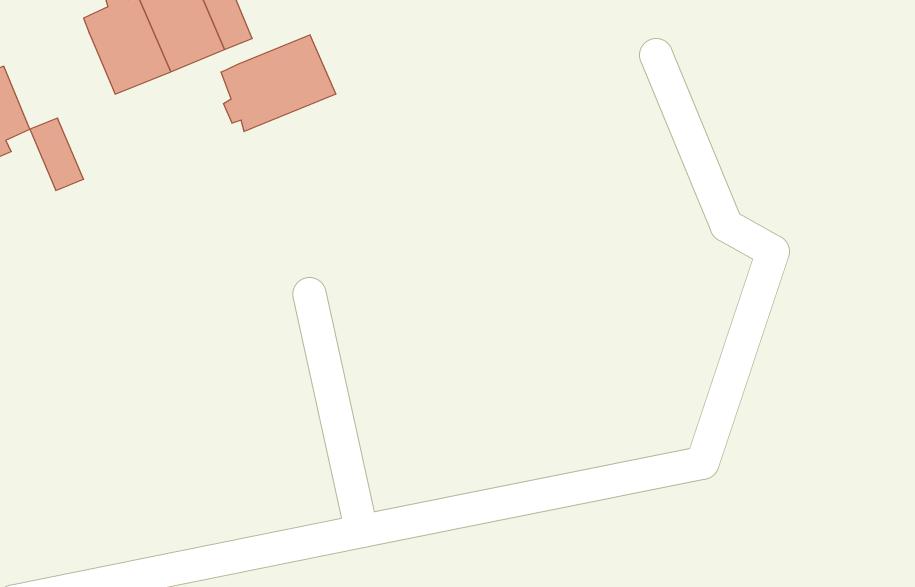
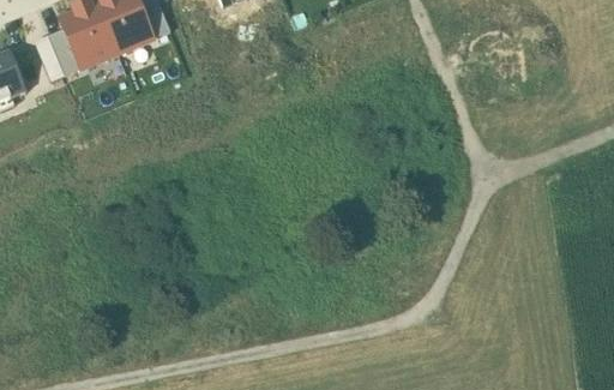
building: [221,35,336,132] -> none
building: [30,118,84,190] -> [48,25,83,72]

